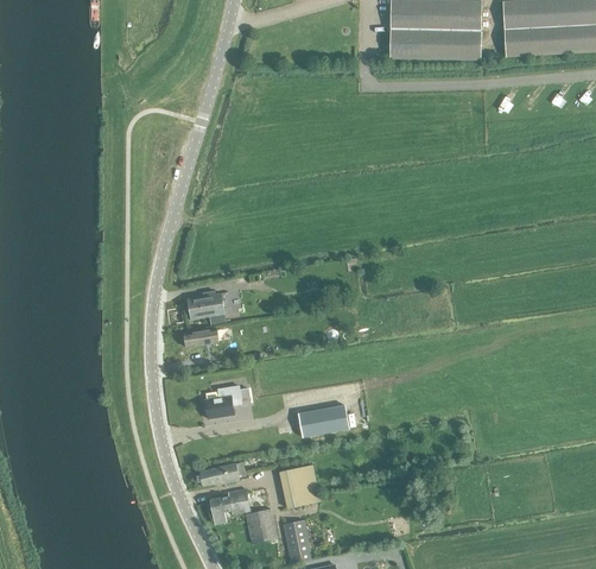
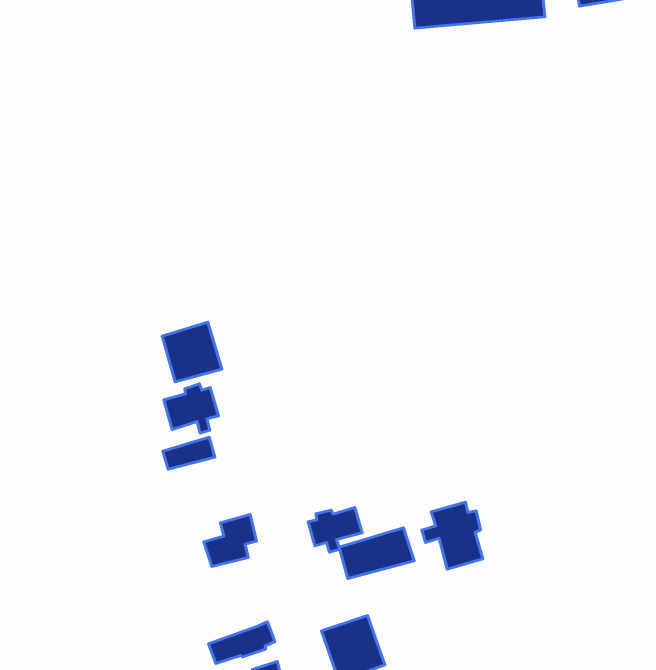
building: none -> [162,322,222,382]
building: none -> [308,508,362,552]
building: none -> [422,502,483,569]

